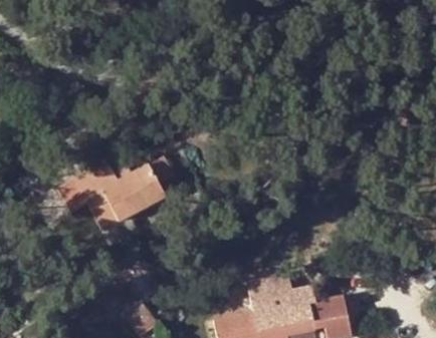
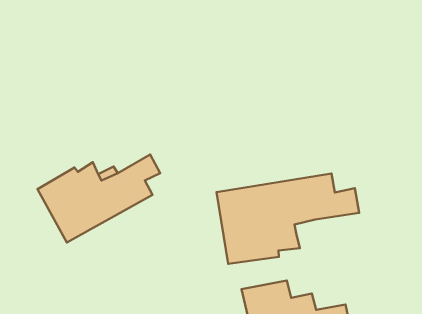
building: none -> [216,174,359,264]

